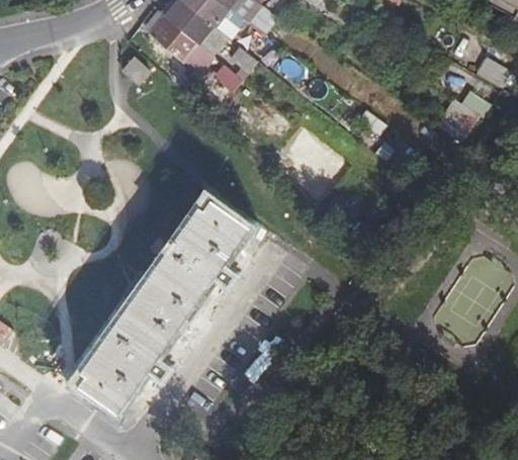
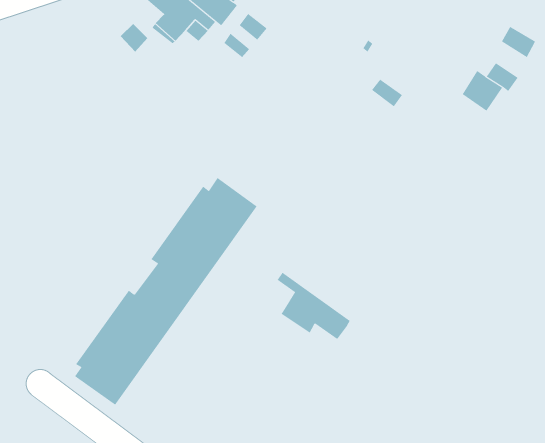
building: none -> [277,272,350,340]

